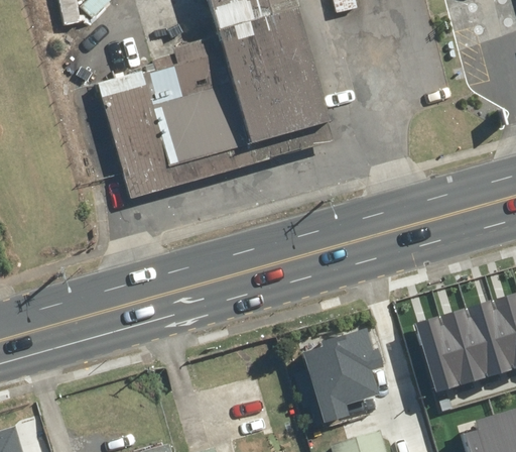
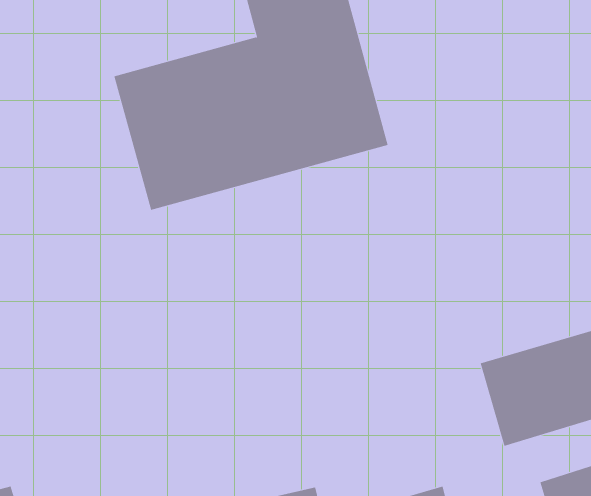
building: [297,334,387,422] -> none

